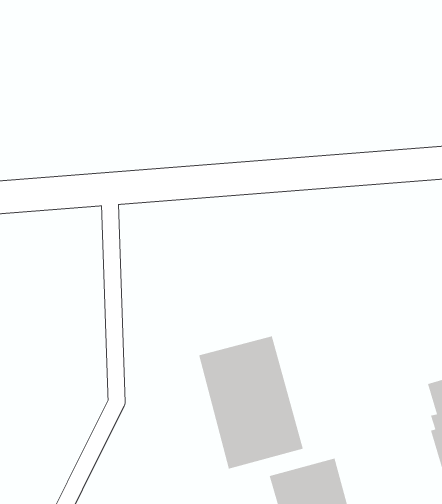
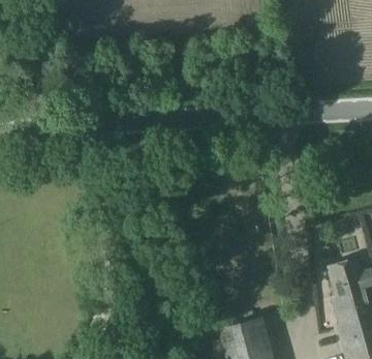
building: [199,335,304,470] -> none

